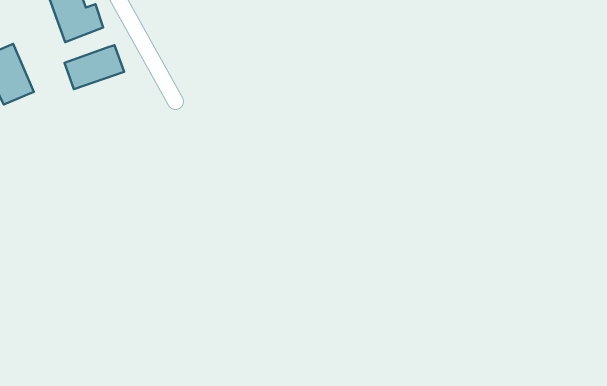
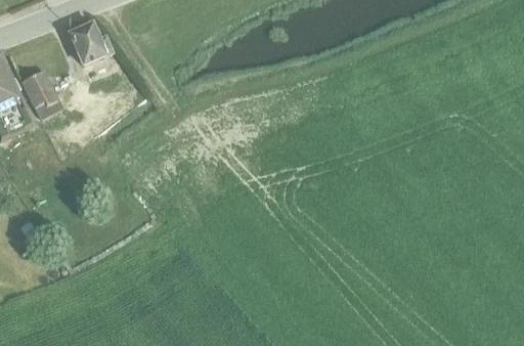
building: [64,45,124,89] -> none

